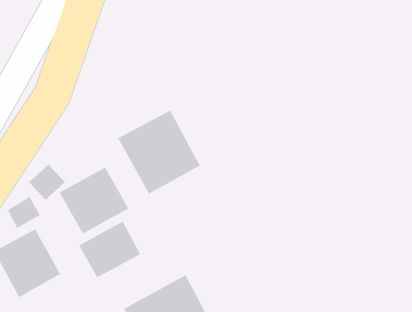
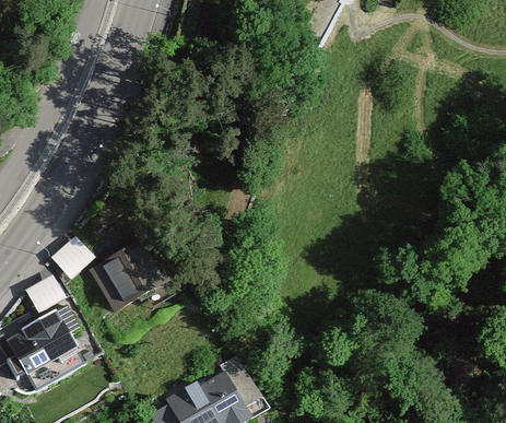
building: [117,109,201,195] -> none
building: [78,221,141,279] -> none

